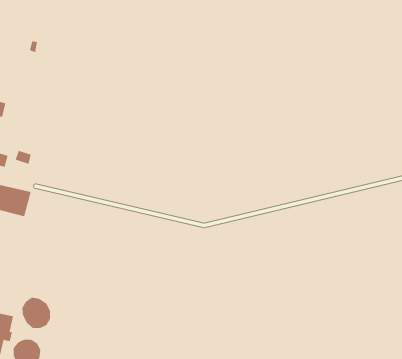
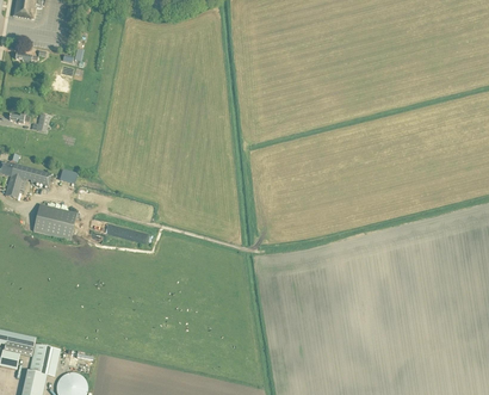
building: [22,297,51,329] -> none

